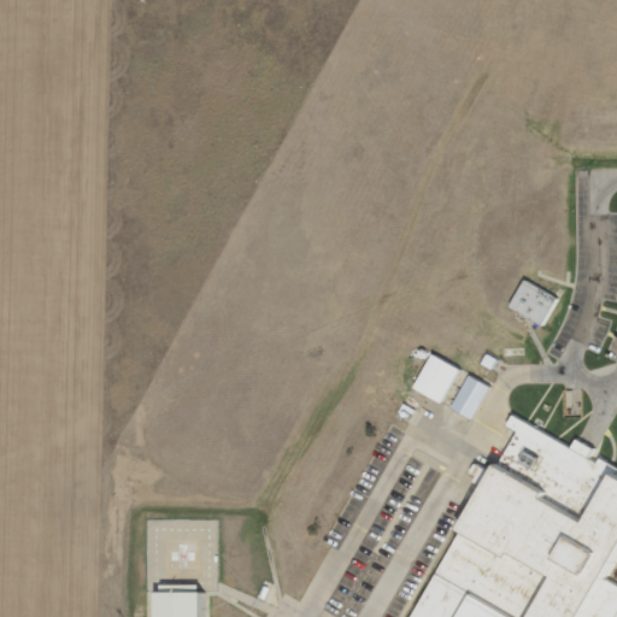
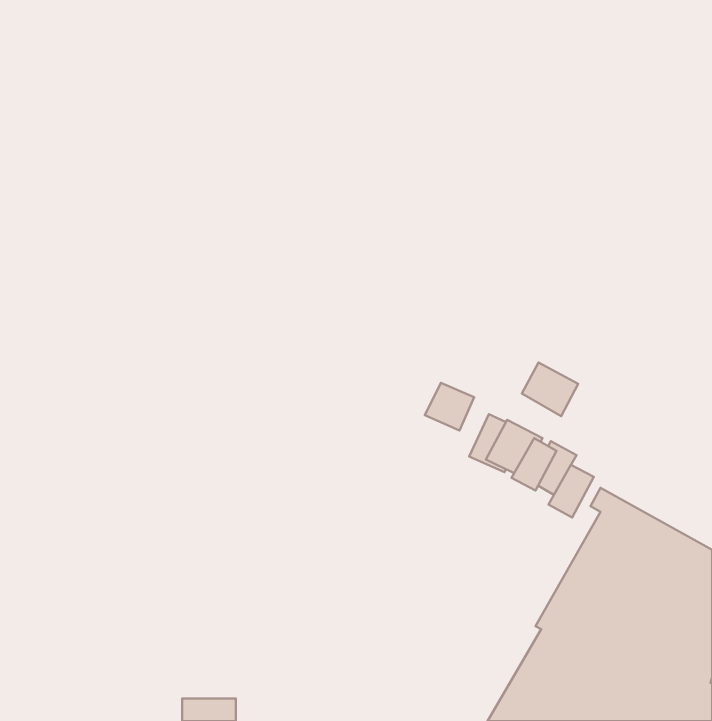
building: [510,283,558,329] -> [522,362,578,416]
building: none -> [425,383,474,430]
building: none -> [548,465,594,518]

